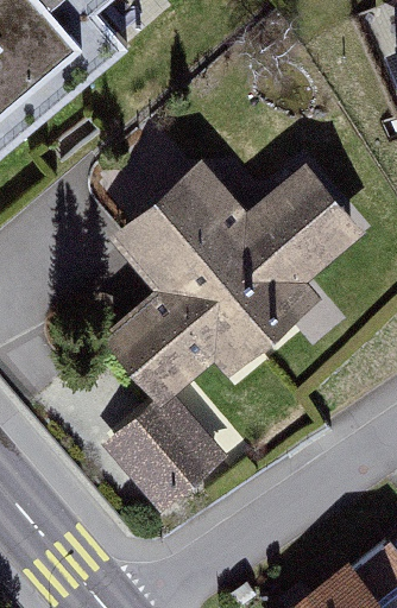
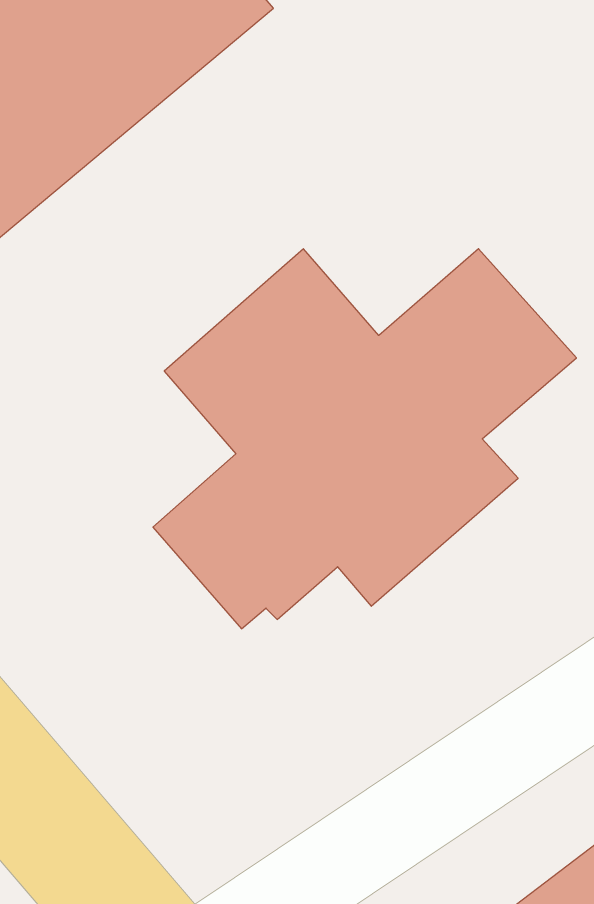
building: [108,387,228,507] -> none

